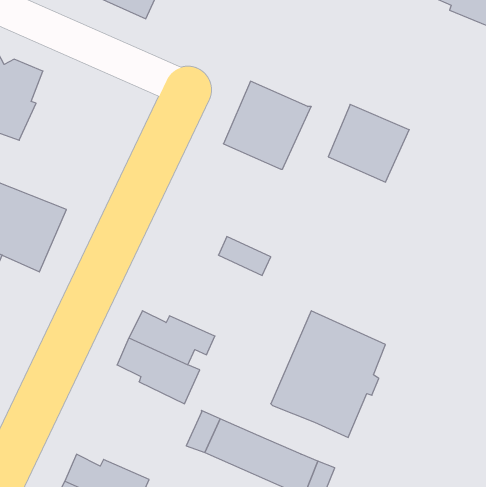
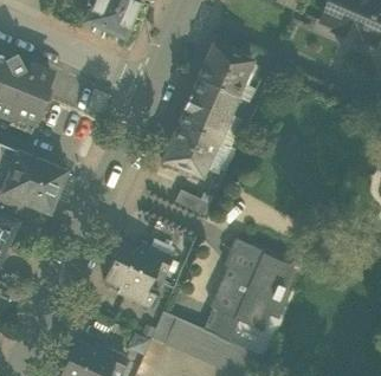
building: [328,104,409,182] -> [196,44,253,98]
building: none -> [161,124,218,179]
building: none -> [202,307,241,342]

